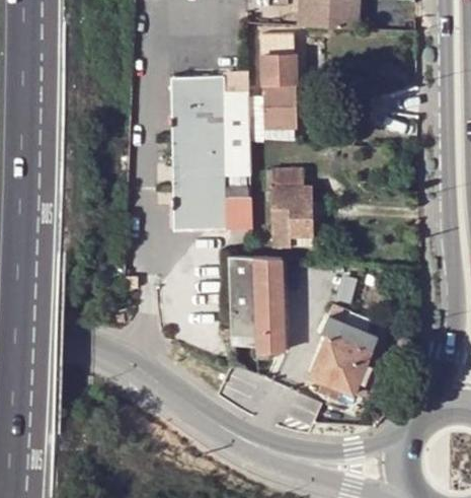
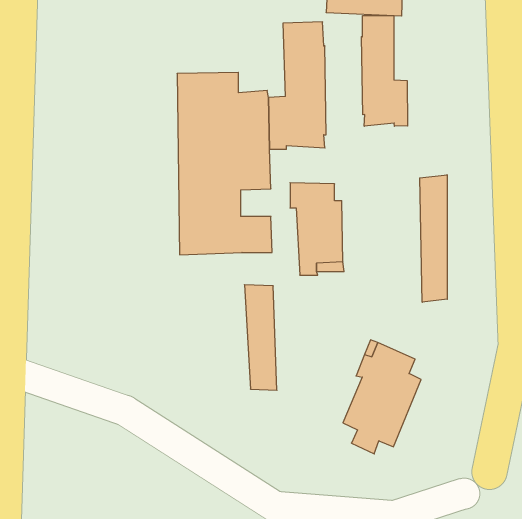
building: none -> [361,16,408,126]
building: none -> [420,175,447,302]
building: [252,257,286,352] -> none

